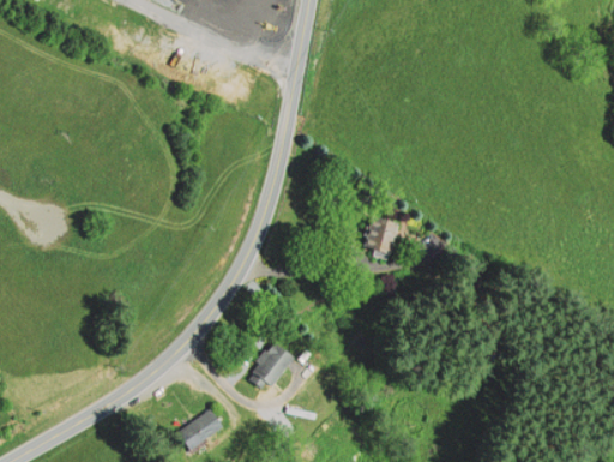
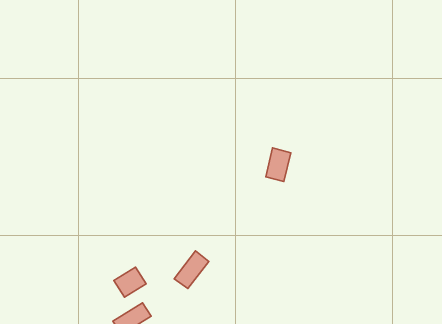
building: none -> [114,267,146,297]

